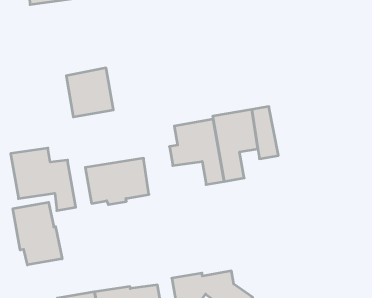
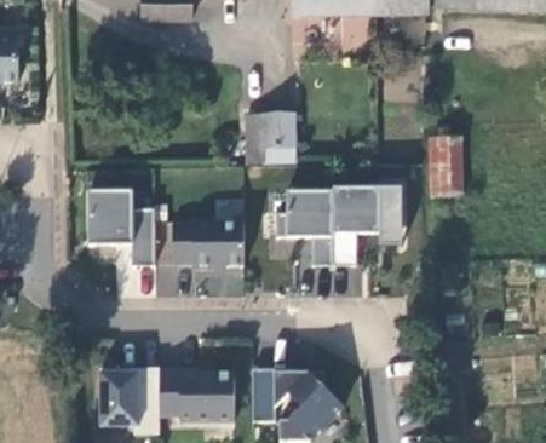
building: none -> [430,137,462,196]
building: [66,68,113,117] -> [247,111,295,162]
building: [13,202,62,265] -> none

